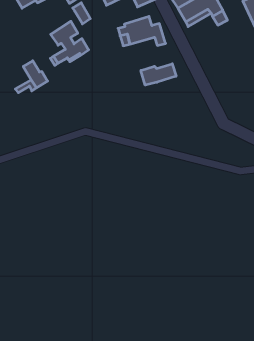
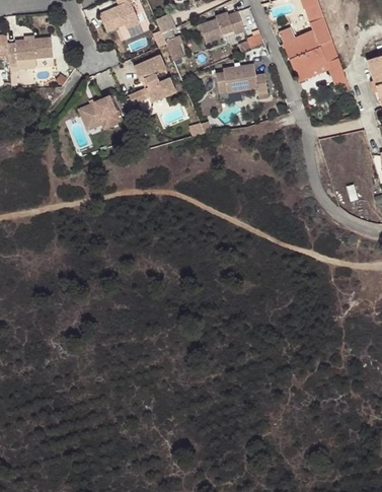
building: [141,64,176,85] -> none
building: none -> [77,101,103,127]

